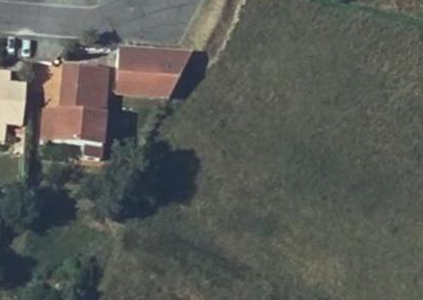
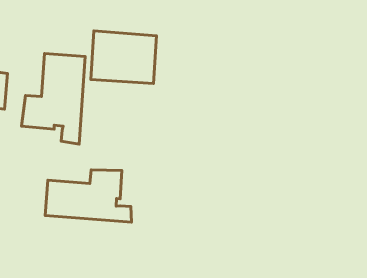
building: none -> [45,170,131,222]

